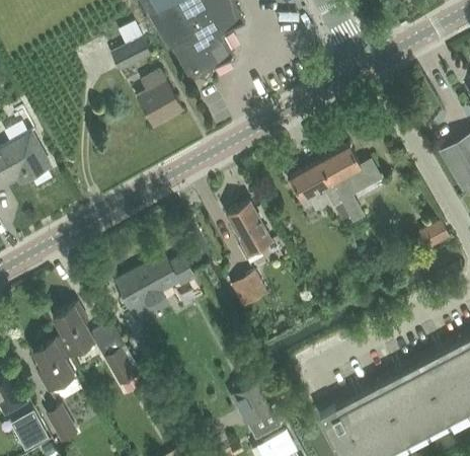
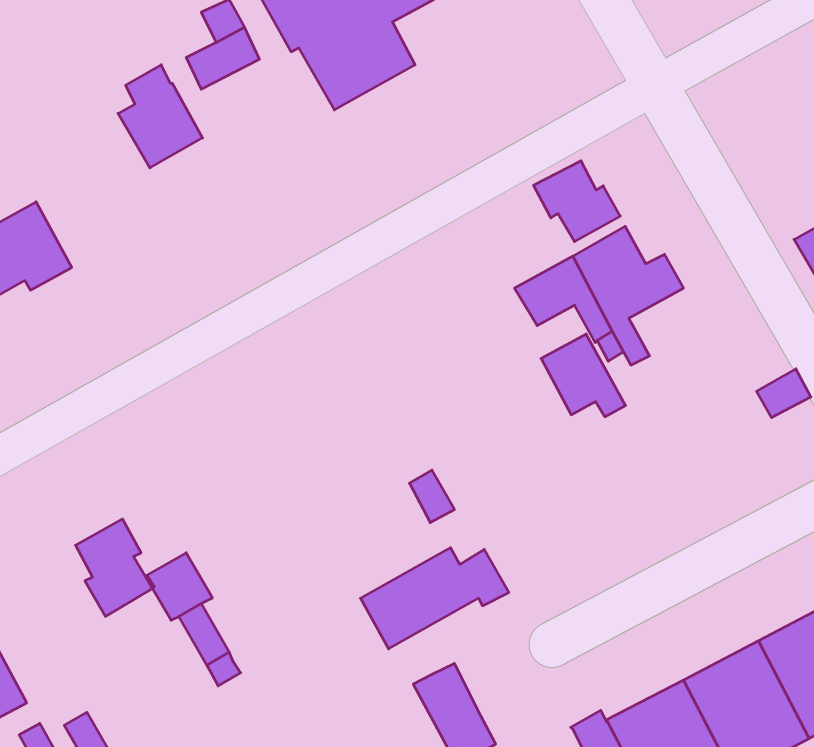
building: [137,70,182,126] -> [118,65,203,168]
building: none -> [534,161,620,242]
building: [225,201,270,245] -> [541,334,626,417]
building: [114,253,194,308] -> [360,548,509,649]
building: [31,336,73,390] -> none

